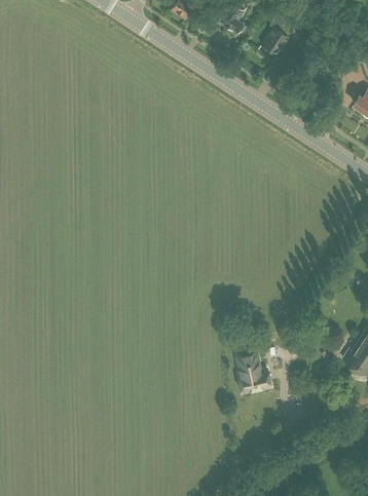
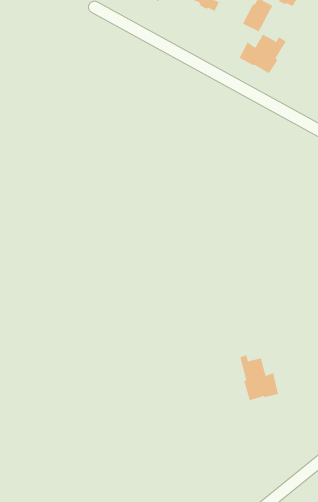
building: none -> [239,34,286,74]

